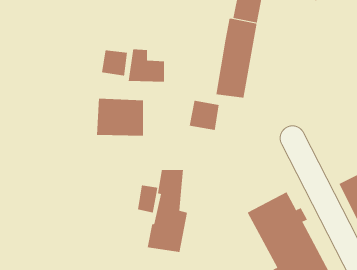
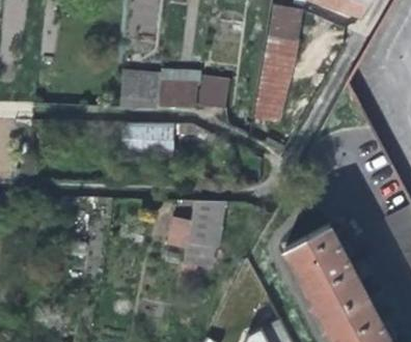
building: [189,100,219,131] -> [197,75,230,108]

